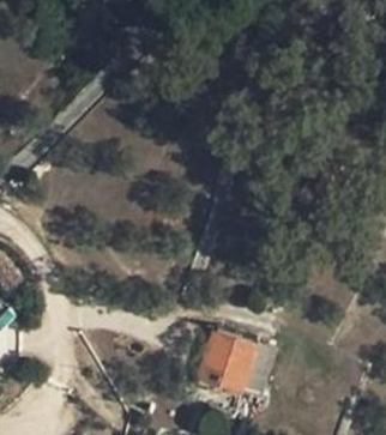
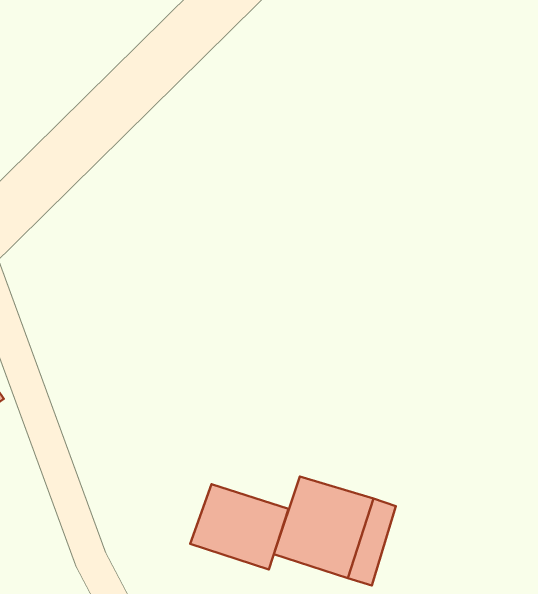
building: none -> [190,484,289,570]

